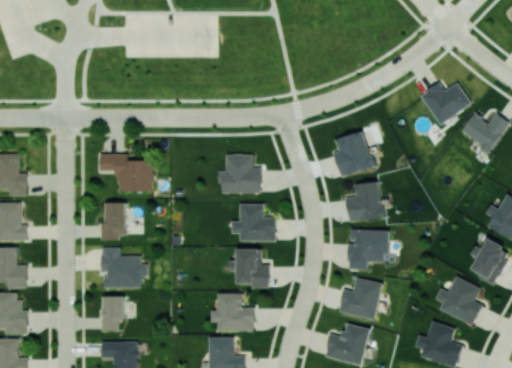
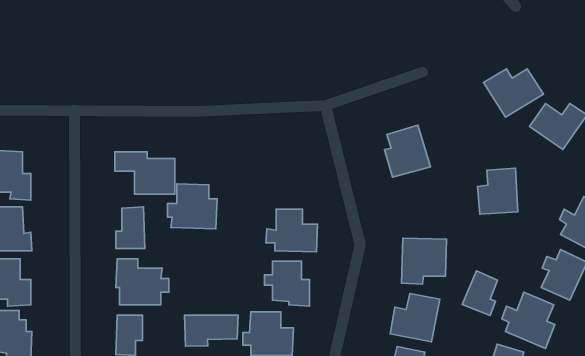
building: [218,154,261,193] -> [167,184,217,229]
building: [347,181,382,221] -> [478,168,518,214]
building: none -> [462,271,497,315]
building: none -> [184,315,238,346]

